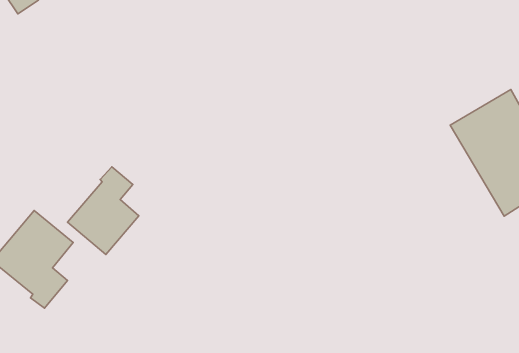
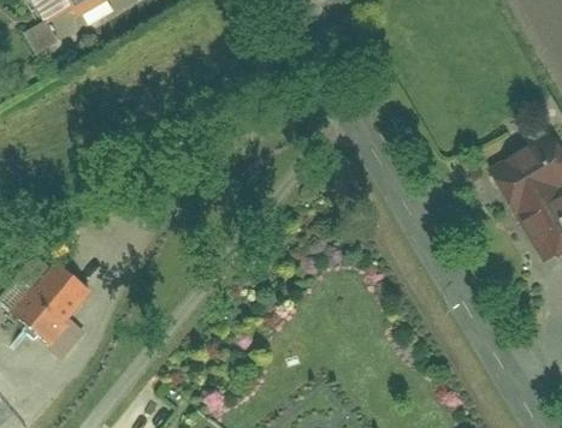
building: [67,167,139,255] -> none

